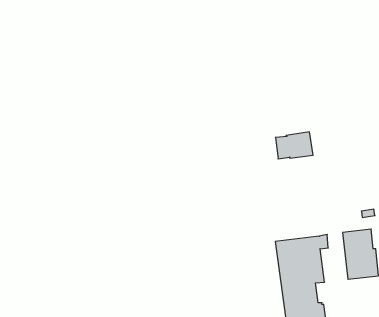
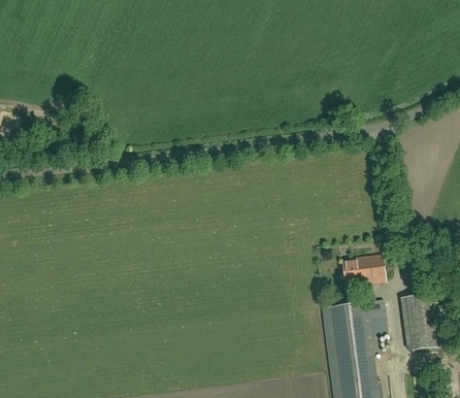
building: [275,132,313,159] -> [341,254,385,285]

